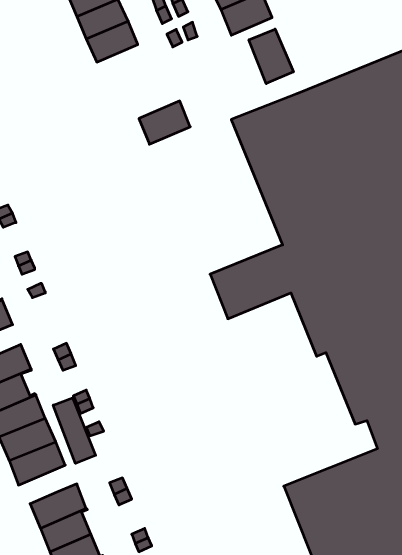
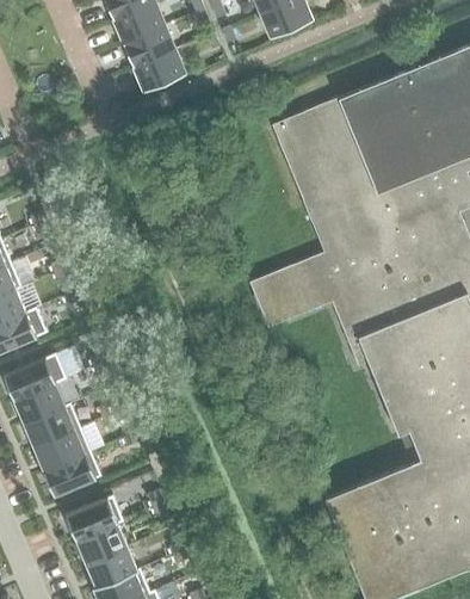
building: [249,29,293,84] -> none
building: [139,101,190,144] -> [134,49,186,93]
building: [53,398,96,463] -> none

